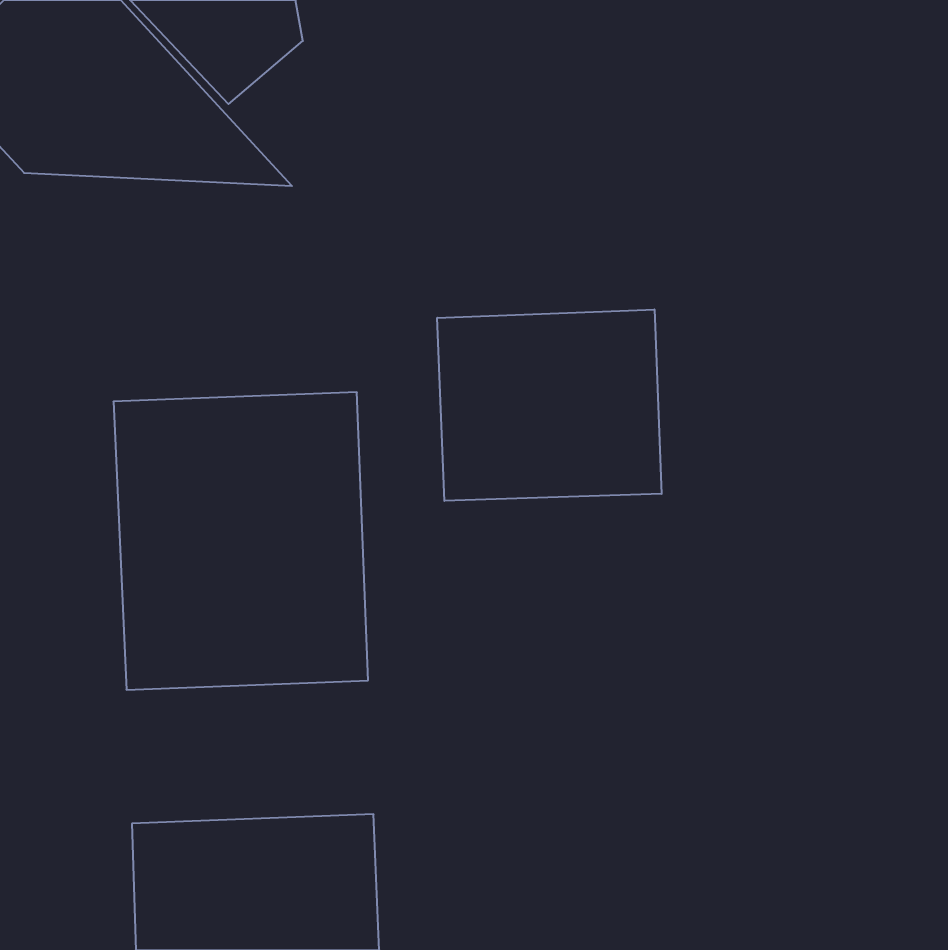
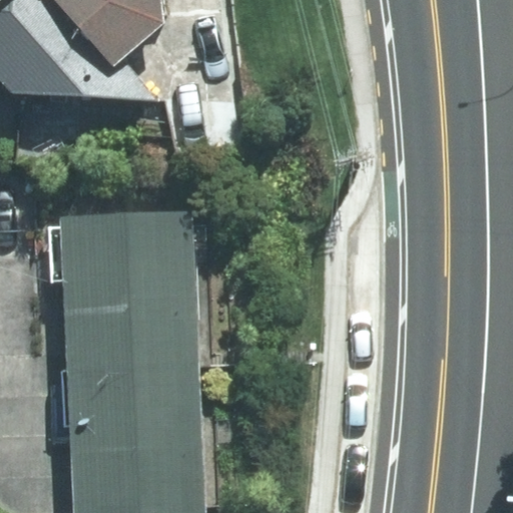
building: [437,309,662,501] -> none
building: none -> [68,367,201,444]

